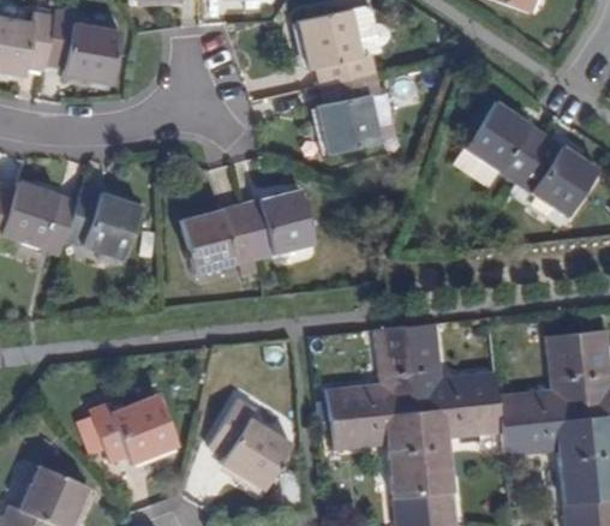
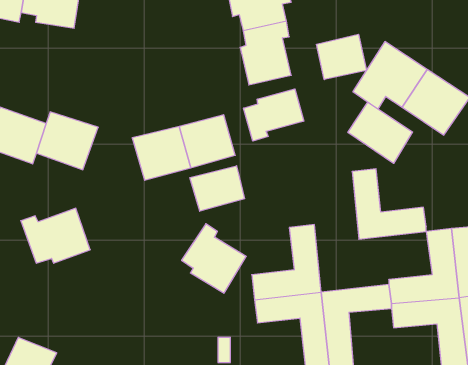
building: none -> [317,34,366,80]
building: none -> [244,89,304,141]
building: none -> [348,102,413,163]
building: none -> [190,166,245,211]
building: [408,324,501,412] -> [352,169,426,239]
building: [89,395,175,464] -> [21,208,90,263]
building: [209,402,289,489] -> [182,224,246,293]

